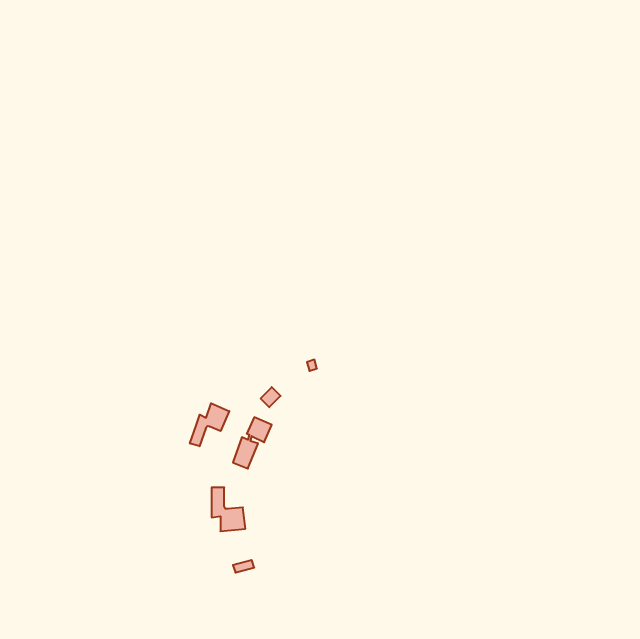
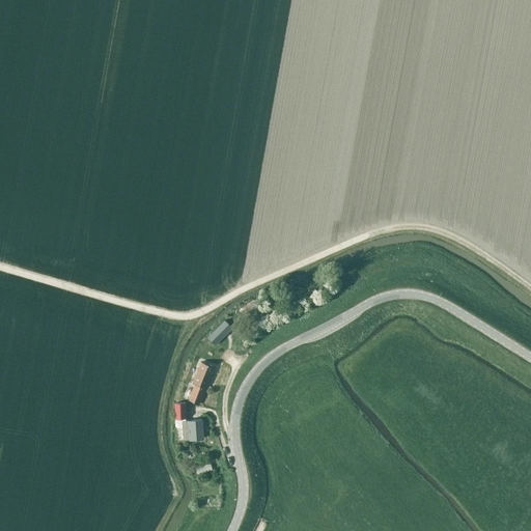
building: [190,403,229,446] -> none

